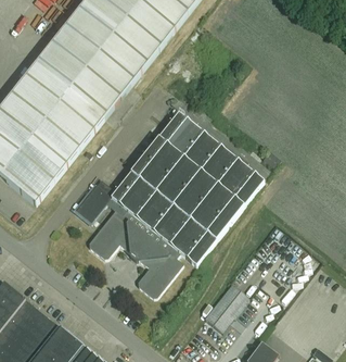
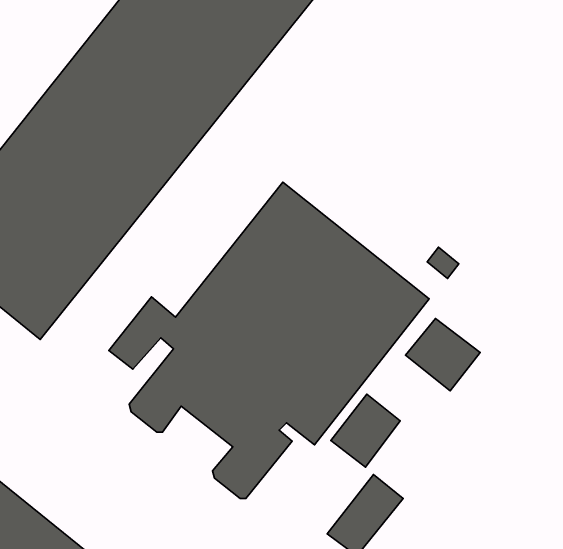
building: none -> [405,319,480,391]
building: none -> [331,394,400,467]

